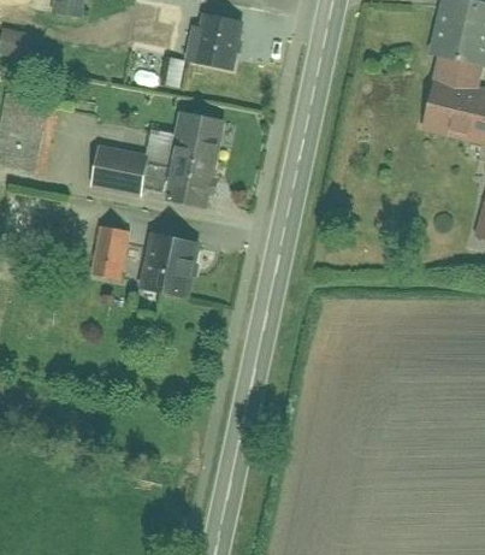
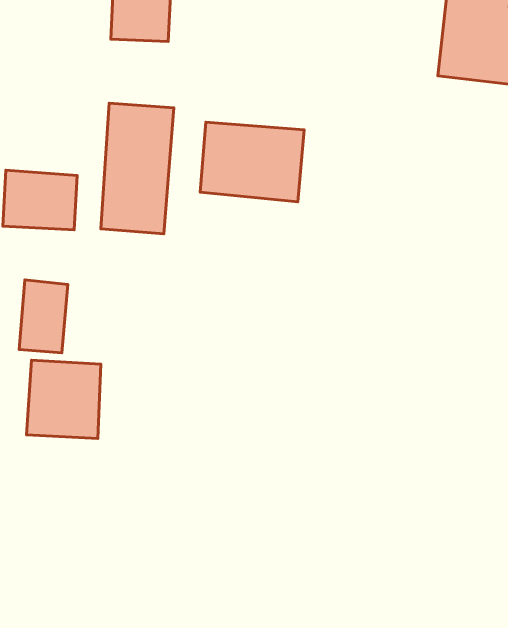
building: none -> [200,122,304,202]
building: [140,232,201,296] -> [27,360,101,439]

